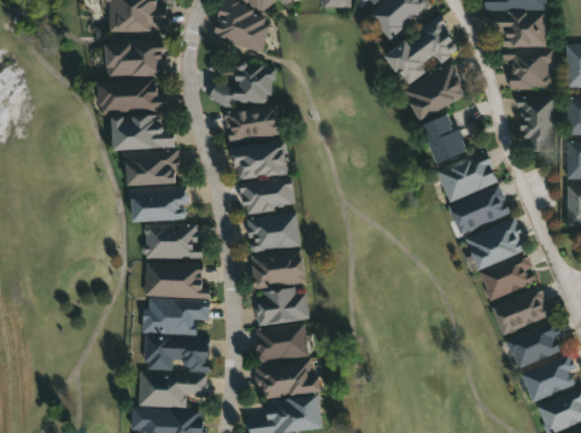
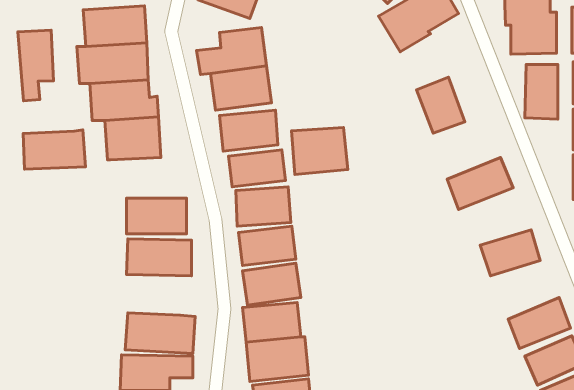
building: none -> [18,30,54,101]
building: [404,69,468,123] -> none
building: [436,154,498,205] -> none
building: none -> [291,128,348,174]
building: [129,186,188,223] -> [23,130,86,169]
building: [466,221,526,269] -> none
building: [493,289,551,333] -> none
building: [142,300,209,337] -> none

